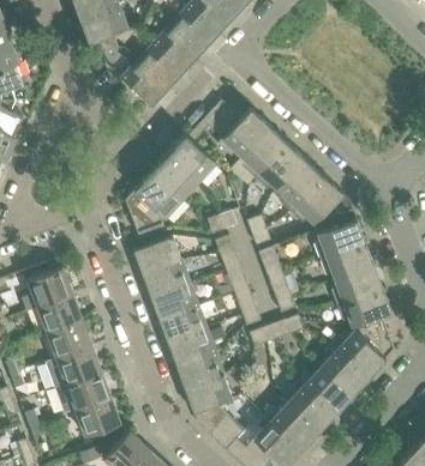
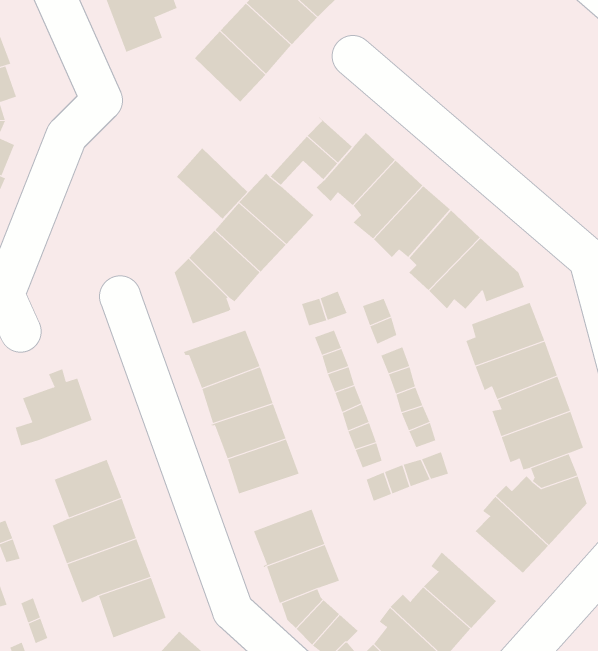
building: [121,60,168,107] -> [176,147,248,219]
building: [37,295,82,333] -> none
building: [166,329,215,367] -> none
building: [299,367,352,412] -> none

